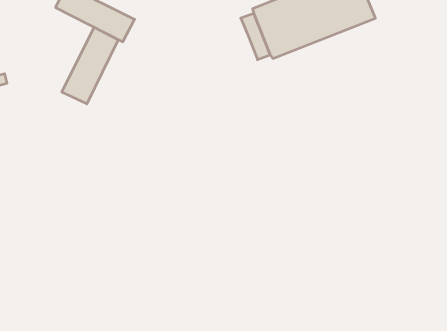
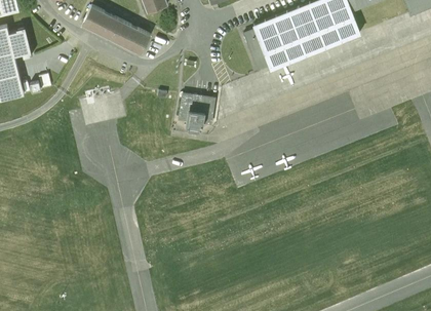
building: [62,27,118,104] -> none
building: none -> [180,95,214,129]

